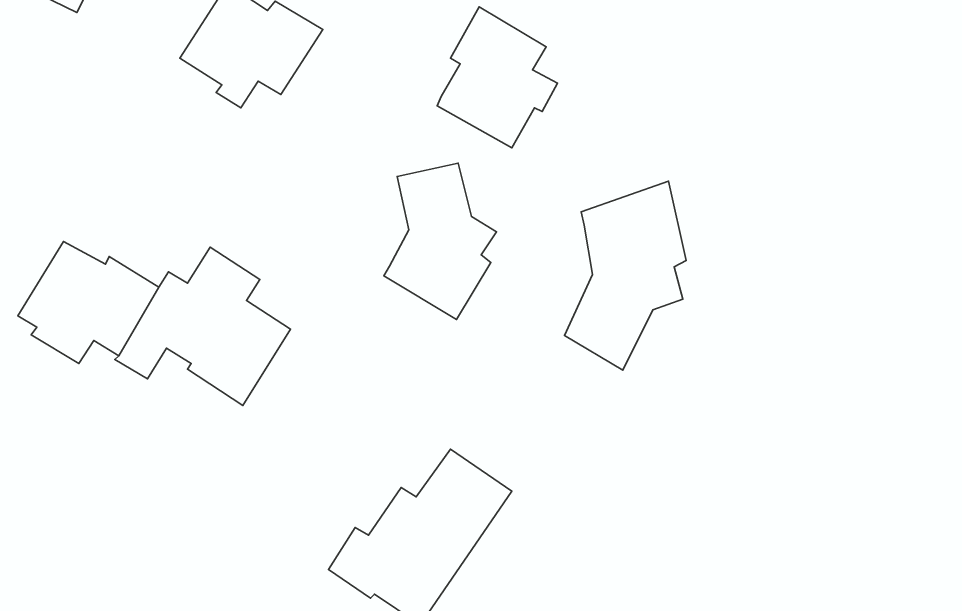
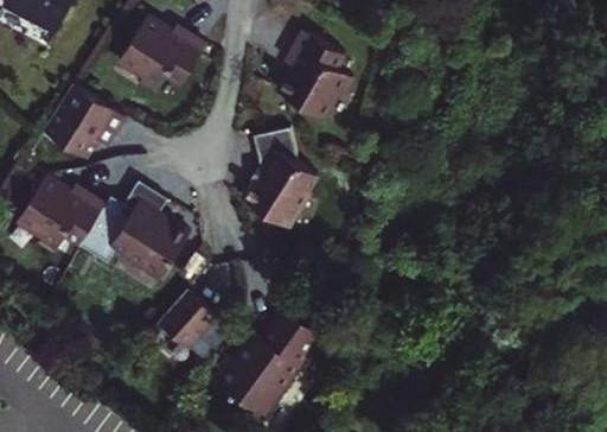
building: none -> [44,84,127,161]
building: [565,181,686,370] -> none
building: none -> [156,286,218,348]

